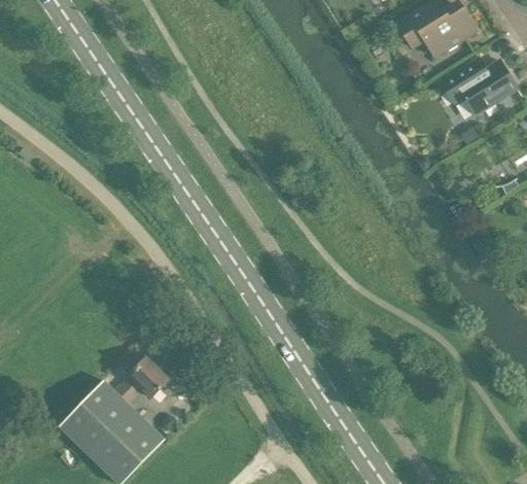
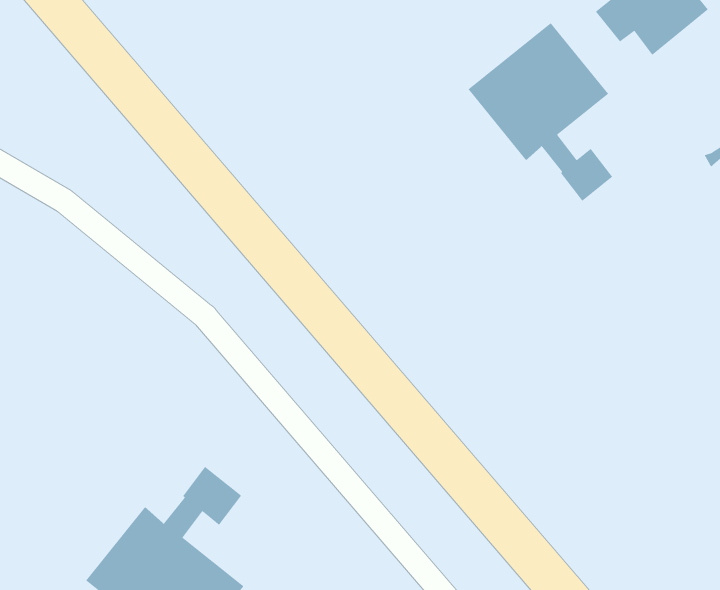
building: none -> [468,22,613,202]

